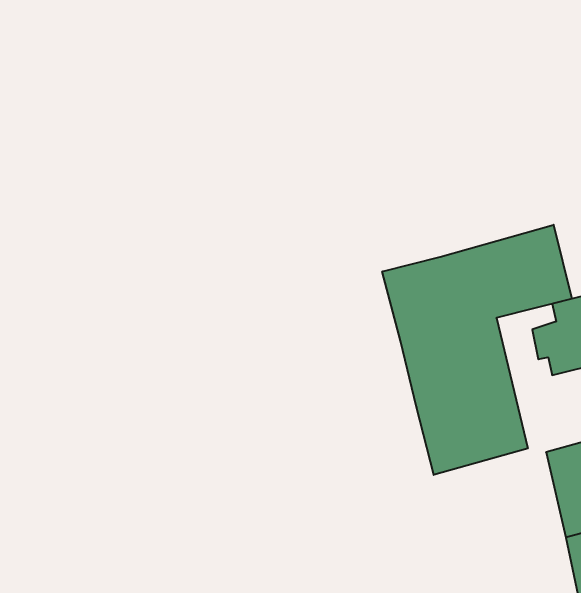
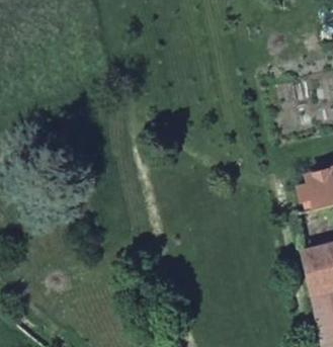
building: [382,225,572,475] -> none

